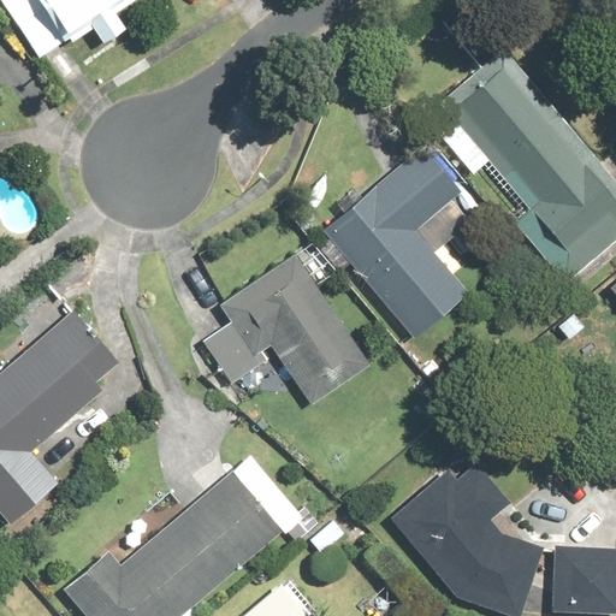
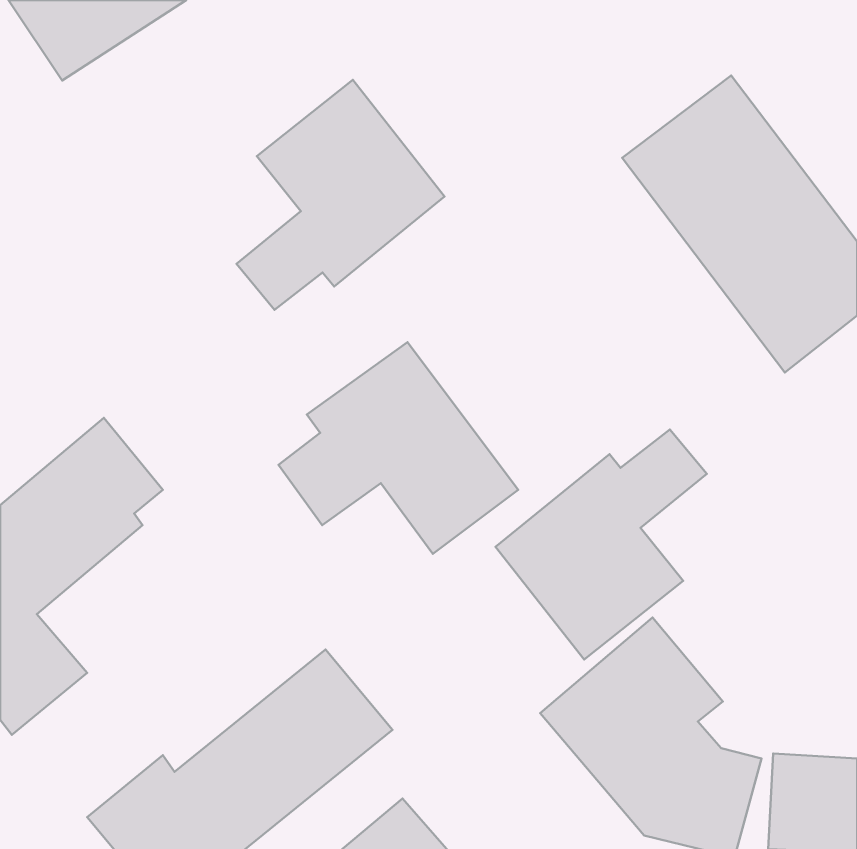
building: none -> [236,80,445,310]
building: [322,147,470,342] -> none
building: none -> [496,429,707,659]

